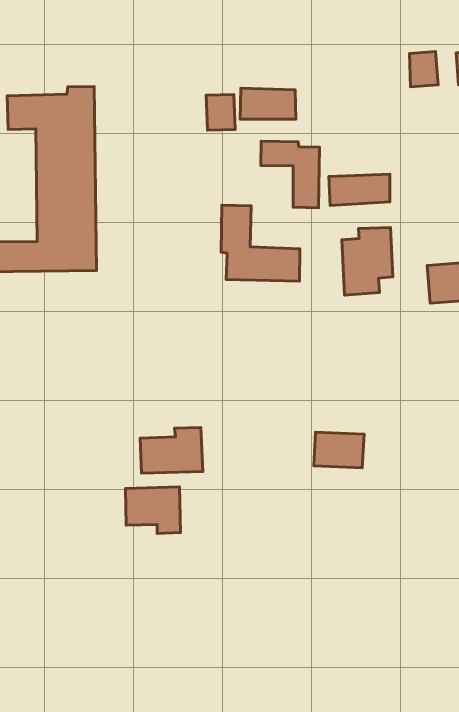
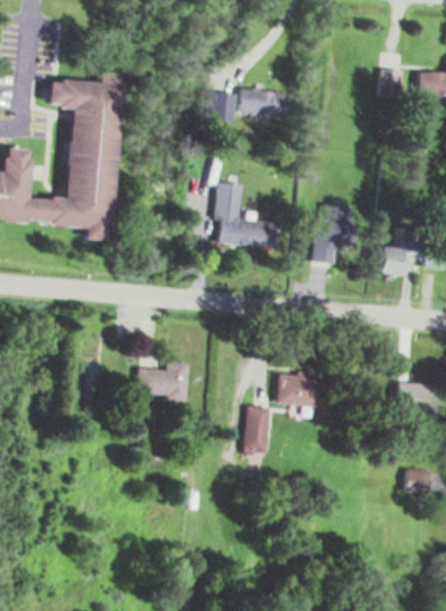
building: [261,141,320,208] -> none
building: [329,174,390,205] -> none
building: none -> [243,406,268,451]
building: [125,487,180,534] -> none

